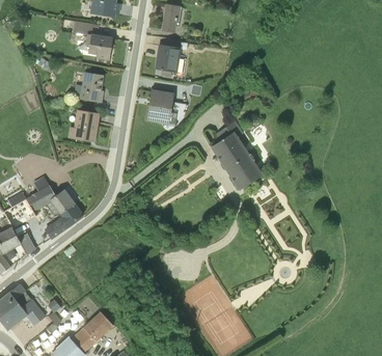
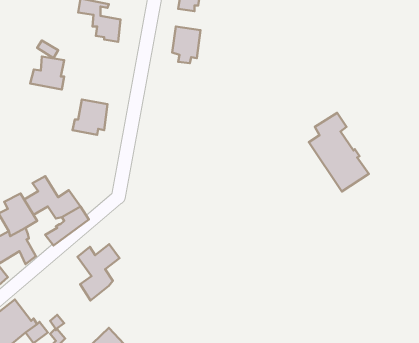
building: [73,73,103,102] -> [30,56,64,89]
building: [151,90,178,126] -> none
building: [210,120,263,190] -> [309,113,369,192]
building: none -> [77,244,119,301]

